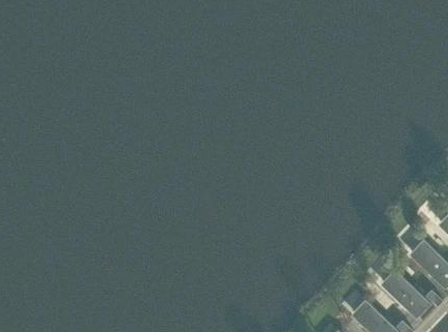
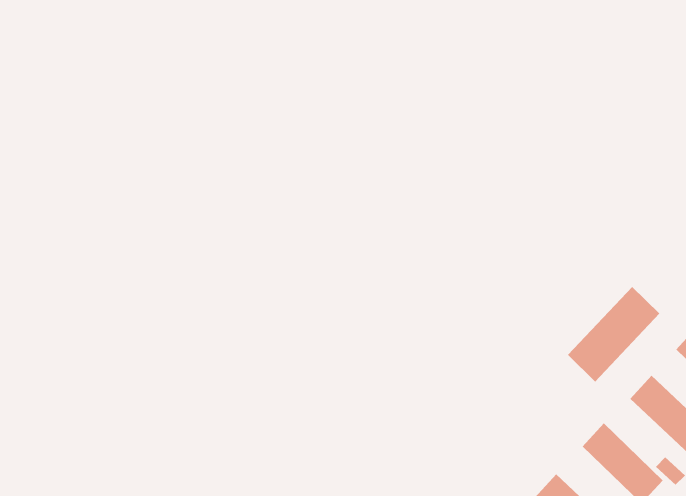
building: none -> [567,286,660,382]

